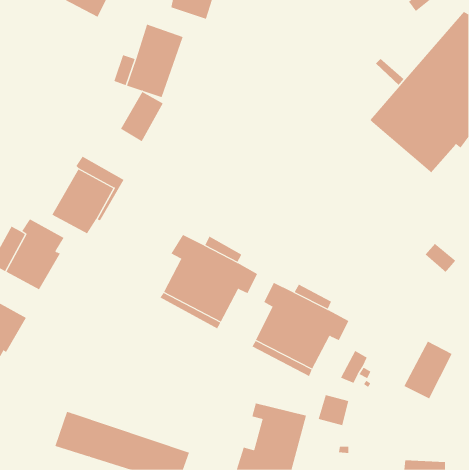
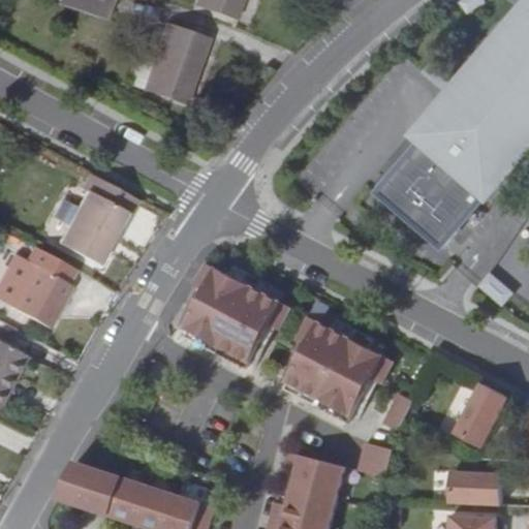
building: [120,91,164,142] -> none
building: none -> [373,137,481,244]
building: none -> [448,471,501,504]

